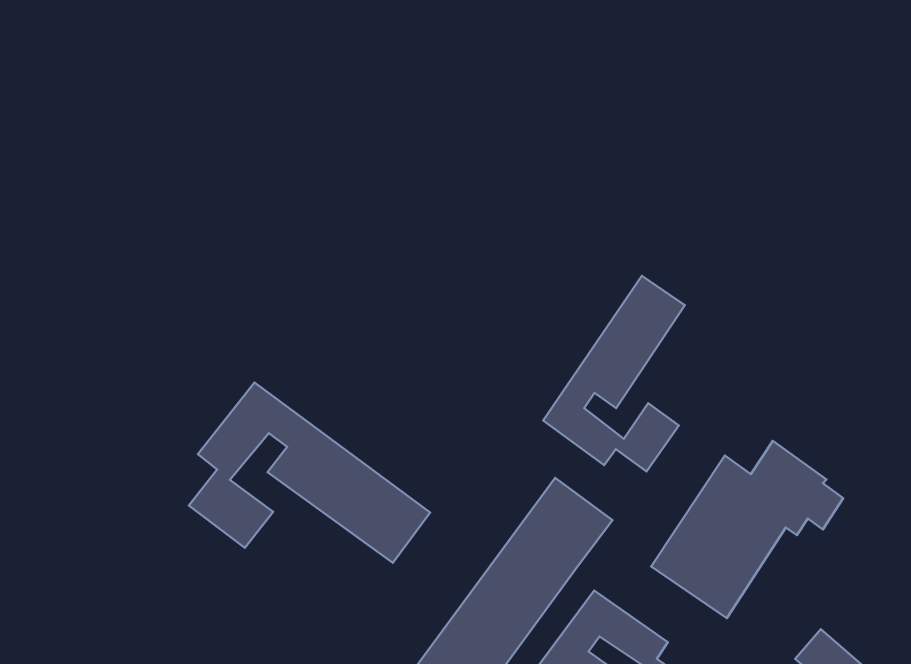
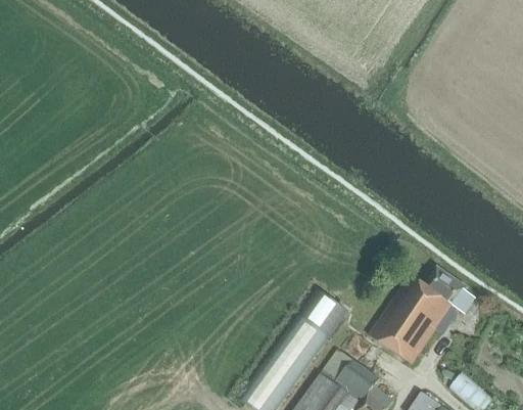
building: [543,276,685,472] -> none
building: [189,382,430,563] -> none

